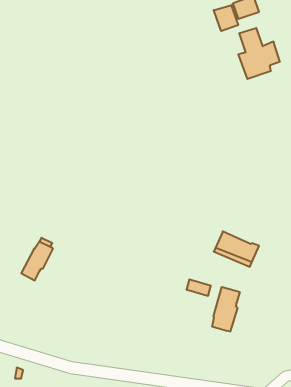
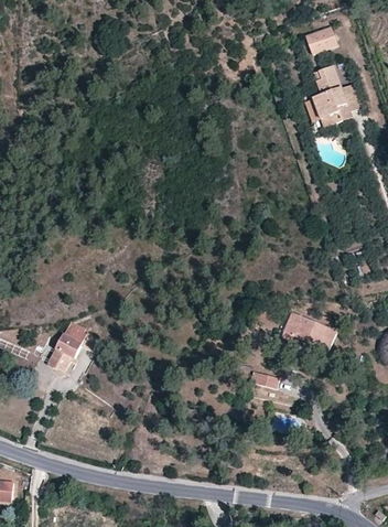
building: [214,5,238,31] -> none
building: [212,287,240,332] -> none

